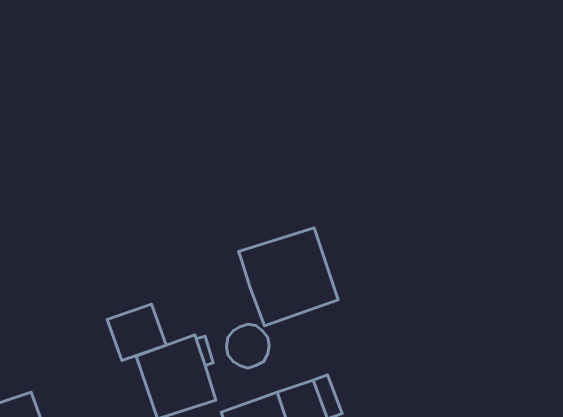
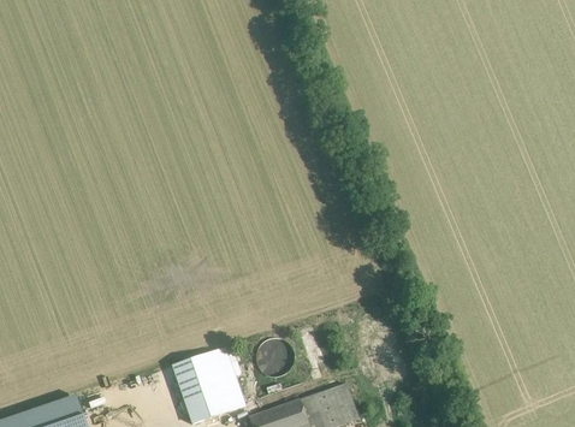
building: [238,228,338,326] -> none
building: [107,304,166,360] -> none

